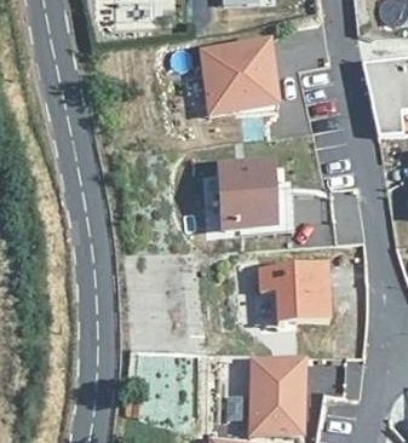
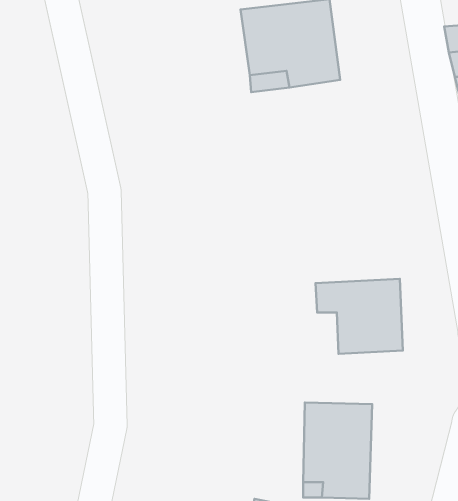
building: [220,165,292,228] -> none

